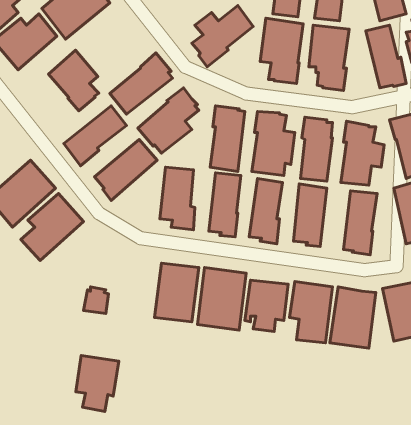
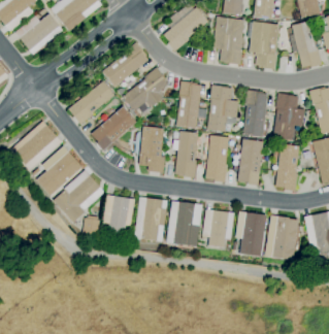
building: [48,50,99,111] -> none
building: none -> [54,169,104,222]
building: [76,356,119,411] -> [103,195,135,236]

